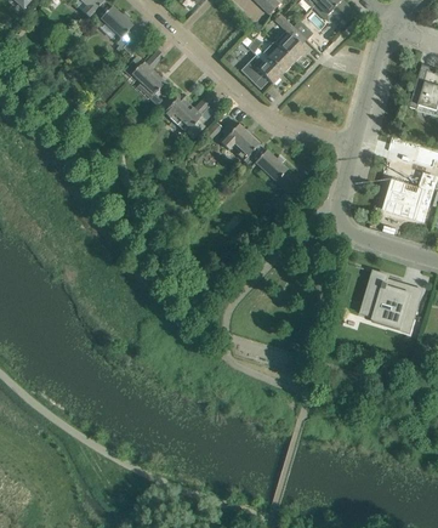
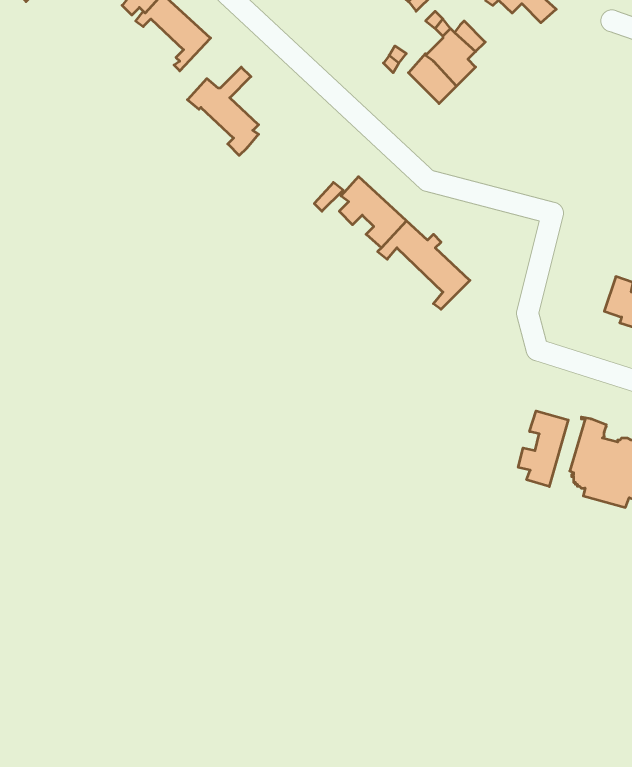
building: [239,55,281,89] -> none
building: [157,91,211,138] -> none
building: none -> [518,411,568,487]

